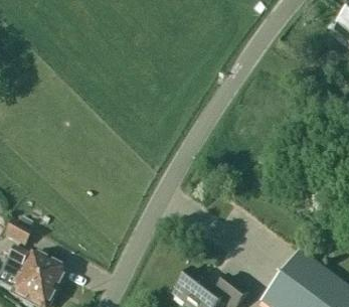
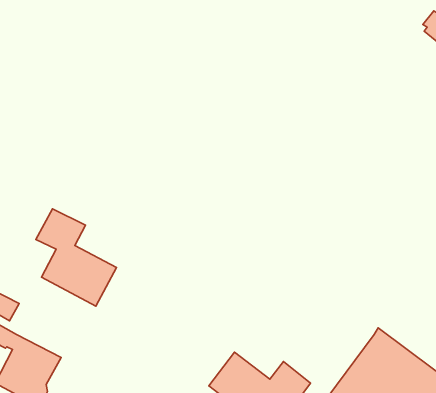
building: none -> [36,209,117,306]

